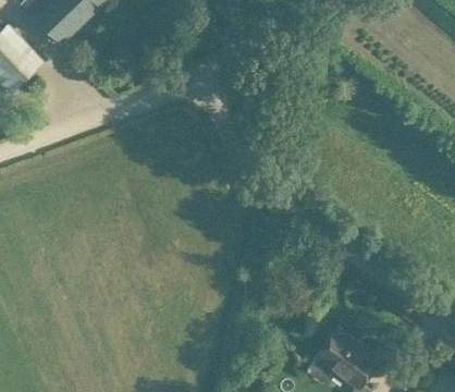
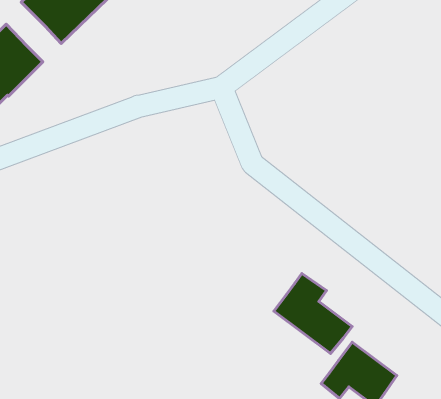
building: none -> [274,273,352,353]

